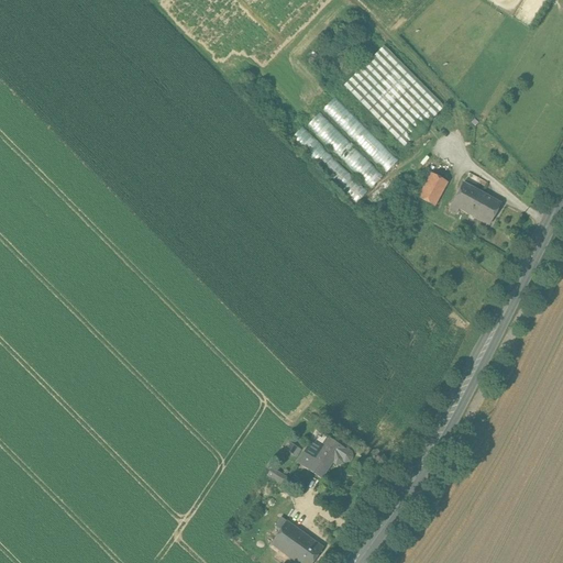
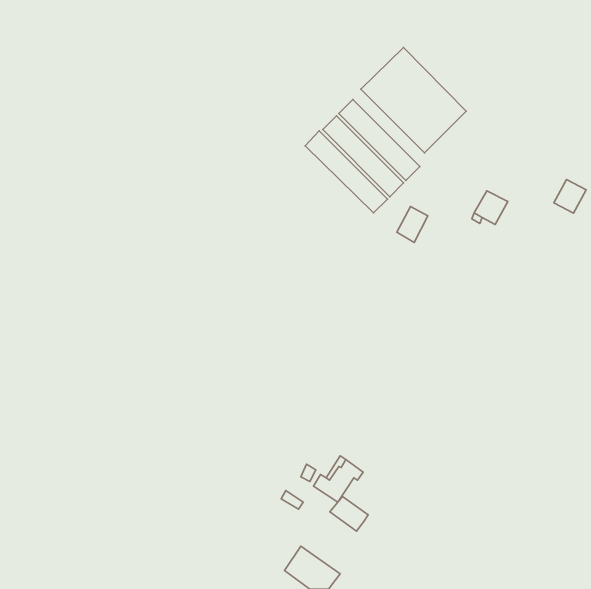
building: [418,172,448,206] -> [397,207,428,242]
building: [471,191,501,223] -> [554,180,586,213]
building: none -> [330,497,368,531]

